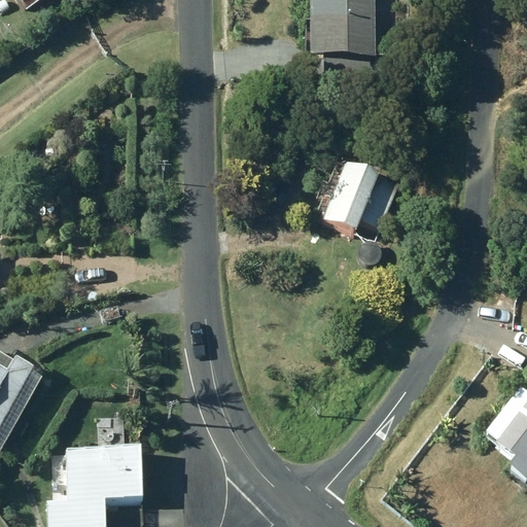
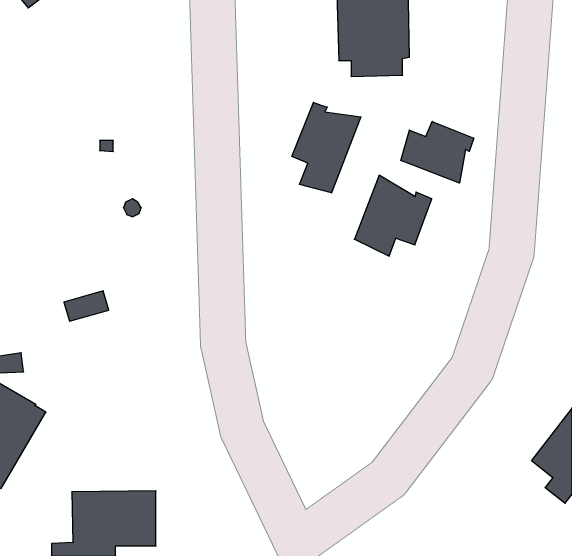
building: none -> [292,102,361,193]
building: none -> [401,121,474,183]

